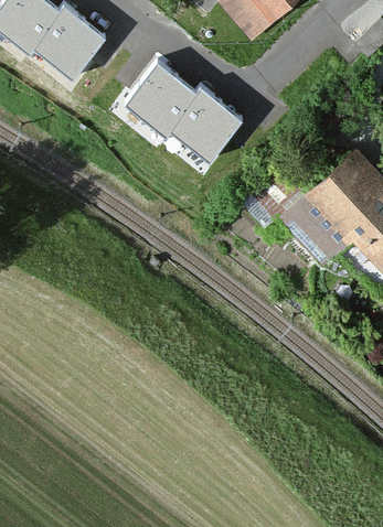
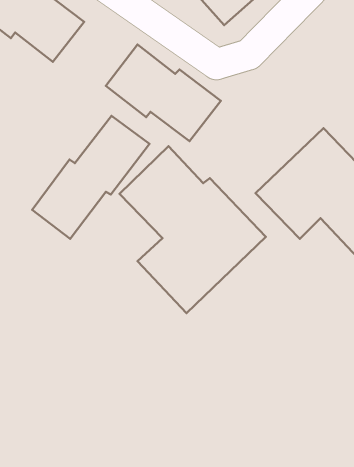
building: none -> [32,116,150,239]
building: none -> [119,146,266,313]

